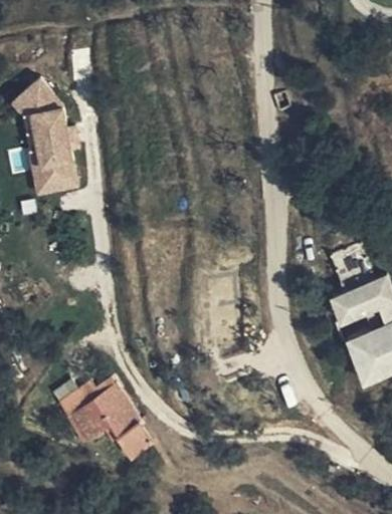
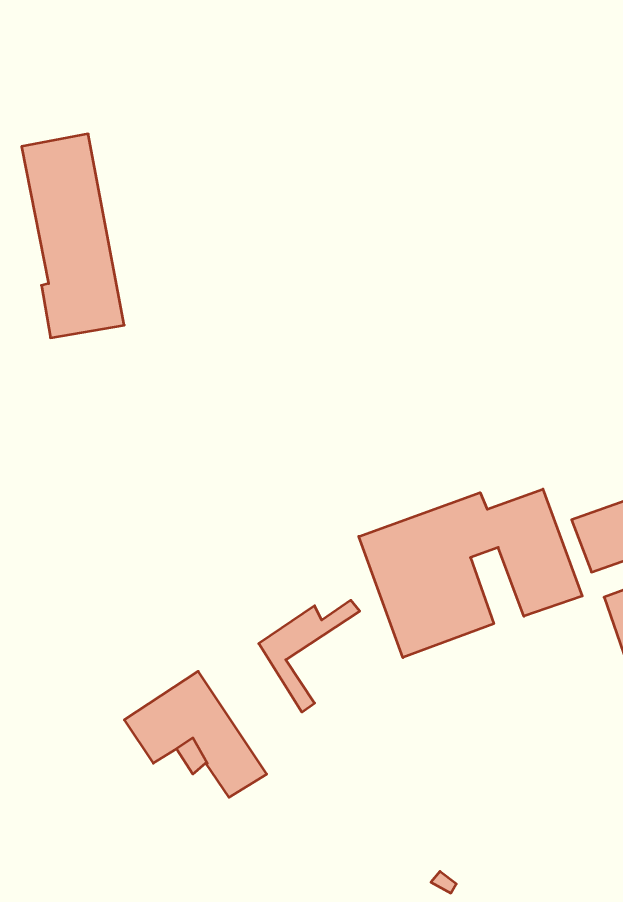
building: none -> [359,489,582,658]
building: [61,375,118,438] -> [259,600,360,712]

